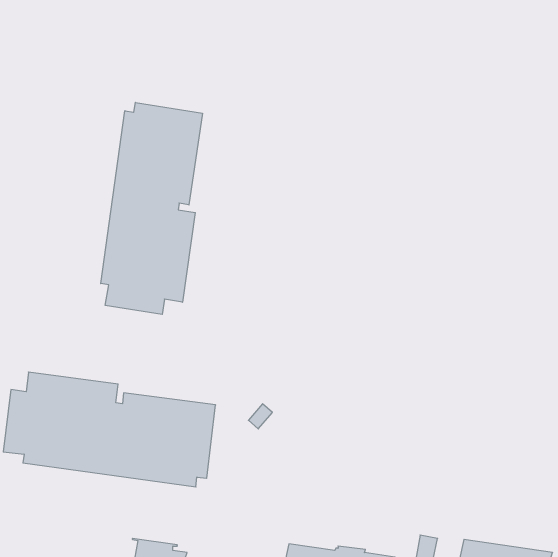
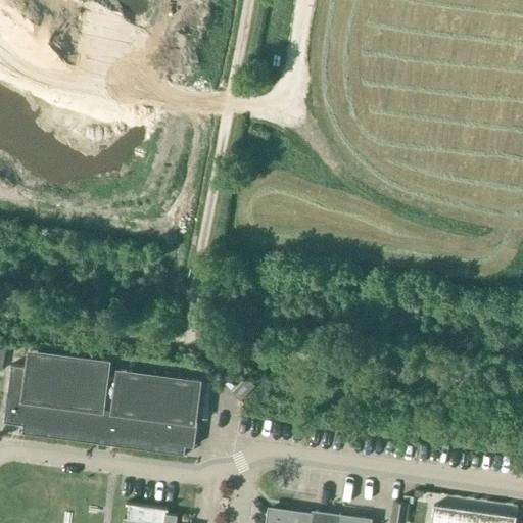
building: [101,102,202,314] -> none

